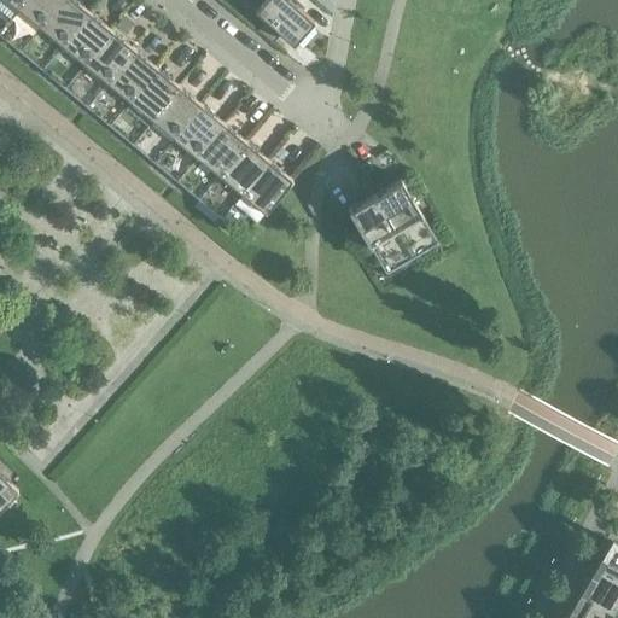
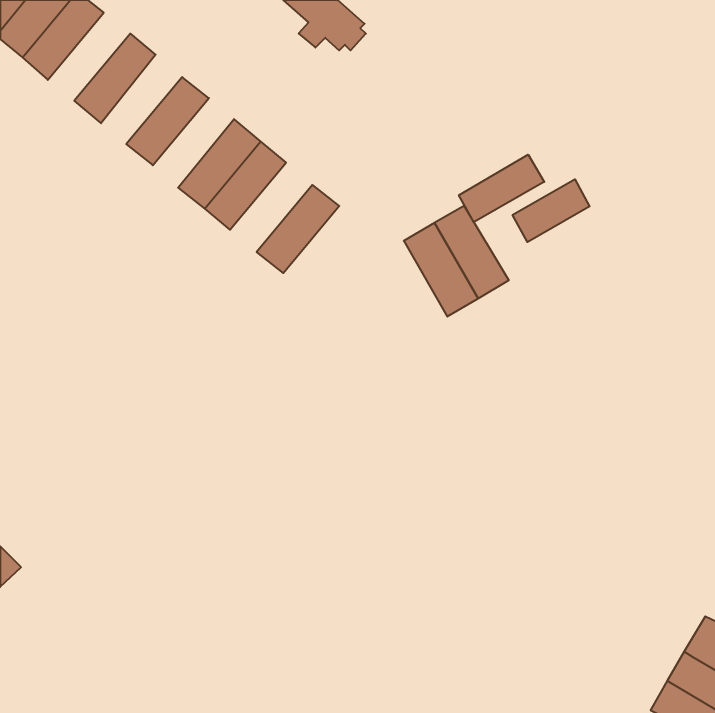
building: [42,13,113,89] -> none
building: [88,49,158,127] -> none
building: [133,87,203,164] -> none
building: none -> [459,155,544,222]
building: [199,142,270,220] -> none
building: none -> [513,179,590,242]

